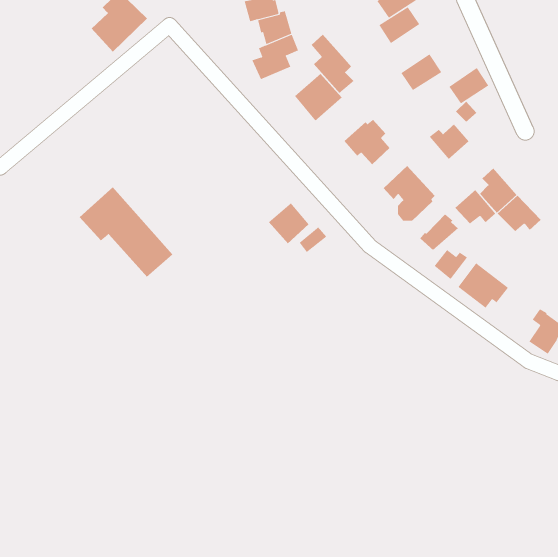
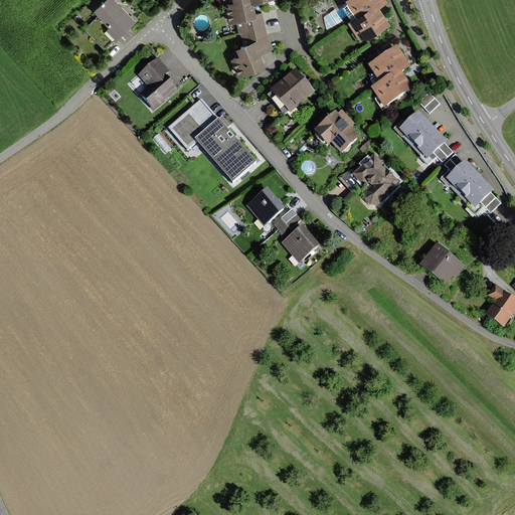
building: [311,34,354,94] -> none
building: none -> [140,56,179,109]
building: [449,67,489,104] -> [372,71,409,106]
building: [79,187,173,277] -> [168,100,254,183]
building: [455,189,496,224] -> [413,130,452,162]
building: [419,213,459,251] -> none
building: none -> [283,224,321,262]
building: [434,249,468,280] -> none

